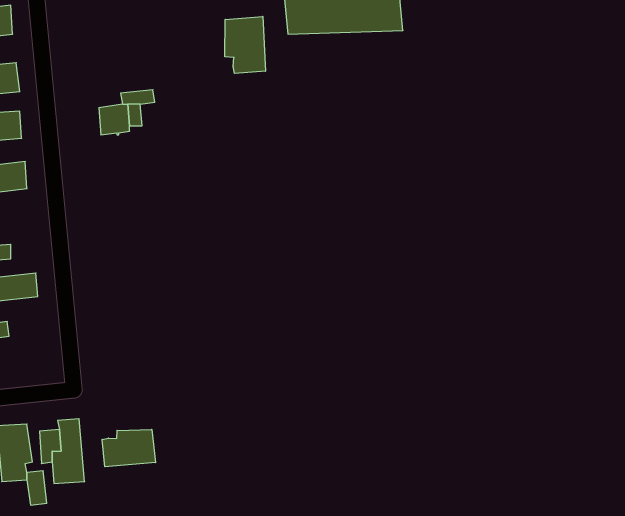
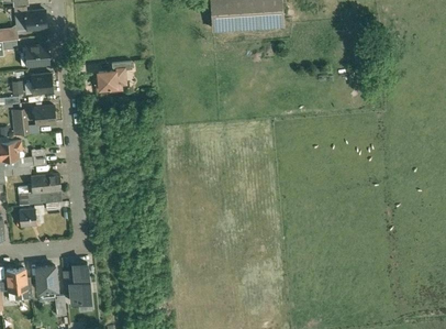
building: [225,16,265,73] -> none
building: [102,429,156,467] -> none

